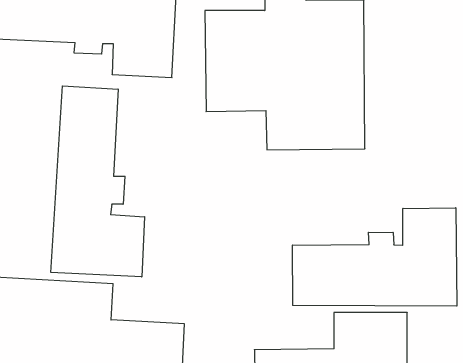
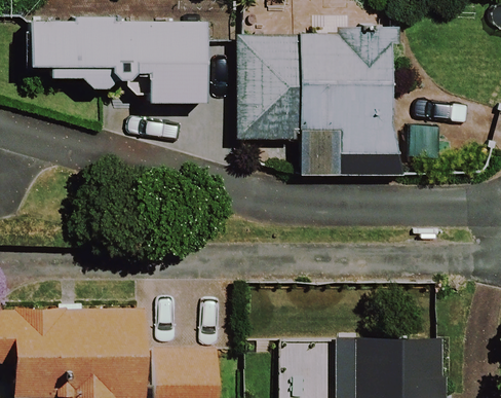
building: [51,86,145,277] -> none
building: [293,208,457,306] -> none

